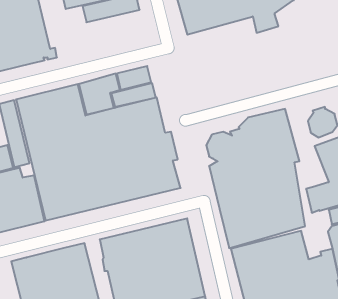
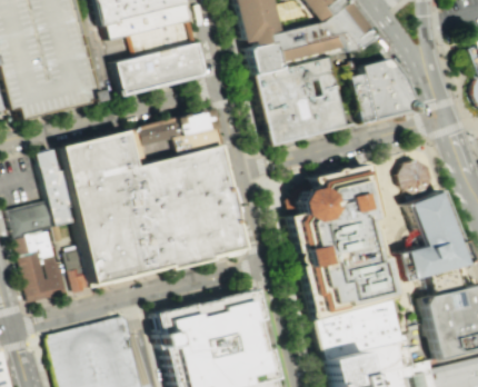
building: none -> [118,44,209,98]
building: none -> [251,56,343,146]
building: none -> [349,58,422,125]

